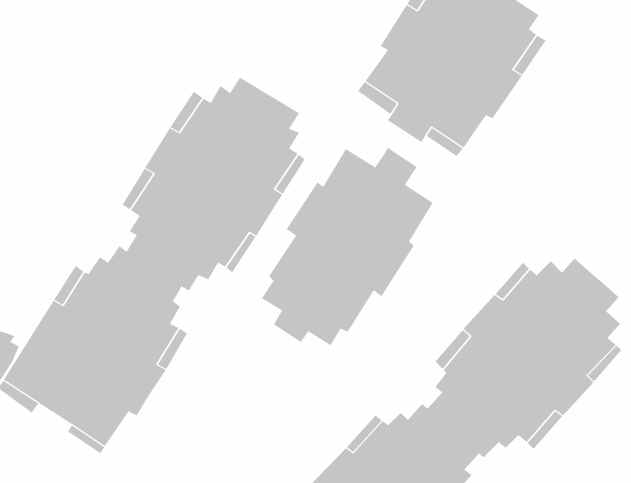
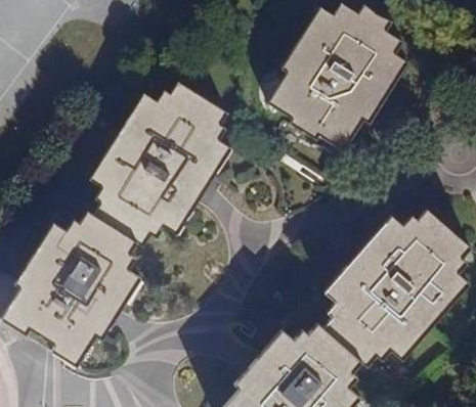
building: [261,147,434,346] -> none

